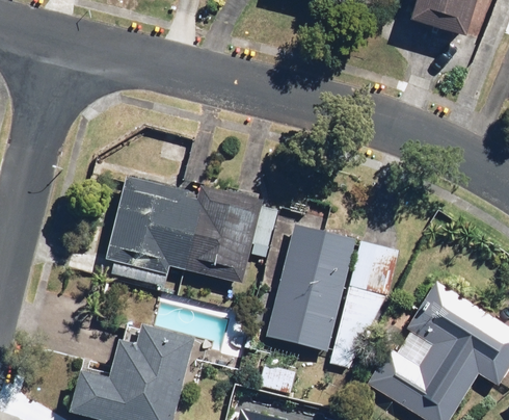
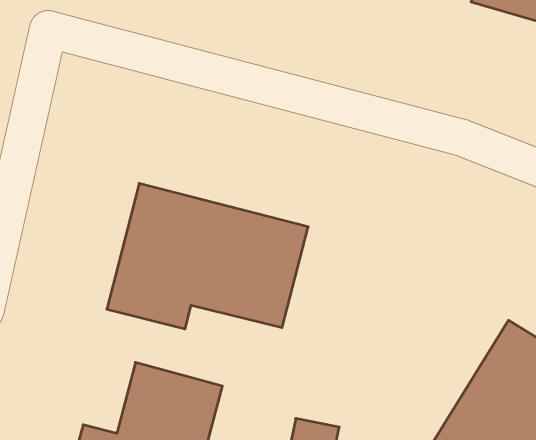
building: [263,220,400,367] -> none

